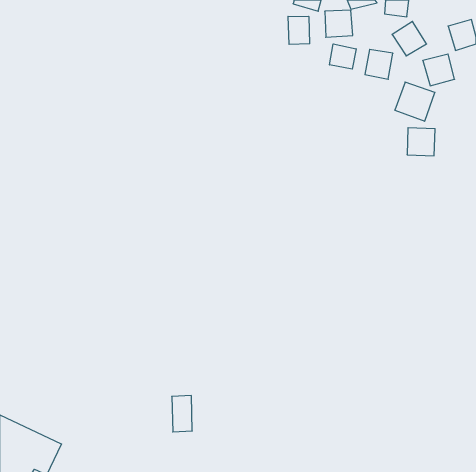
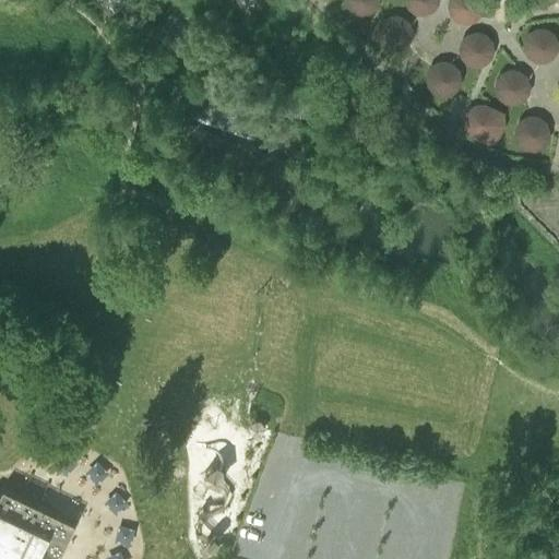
building: [288,16,310,44] -> none
building: [330,44,356,69] -> none
building: [407,128,435,156] -> [516,117,549,150]

